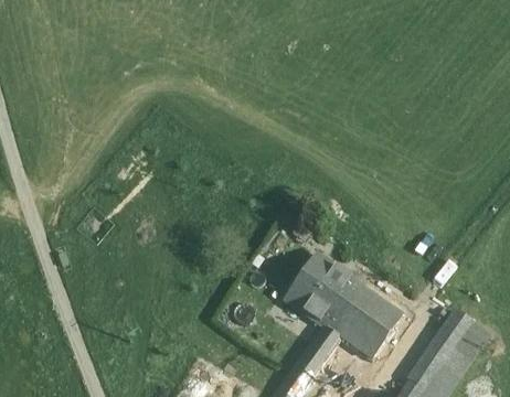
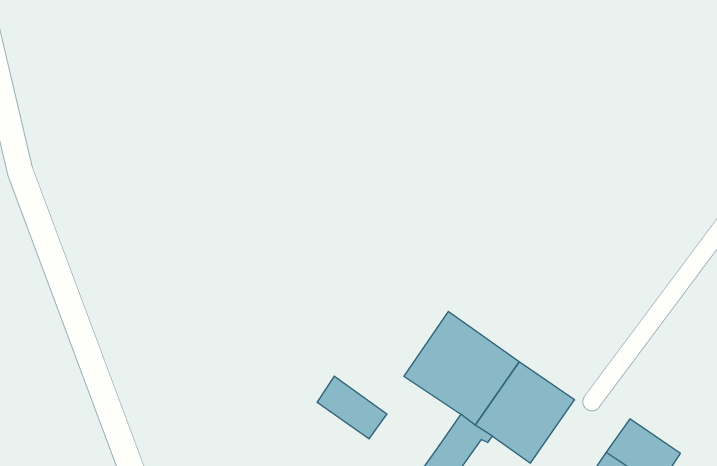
building: none -> [317,376,387,439]
building: [443,308,491,351] -> none

